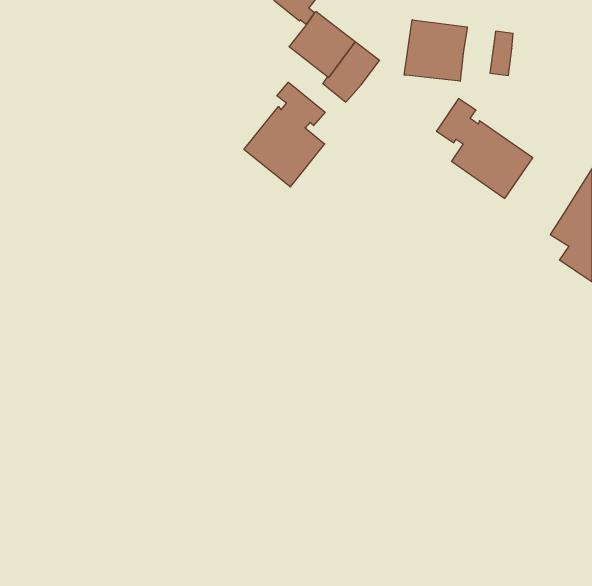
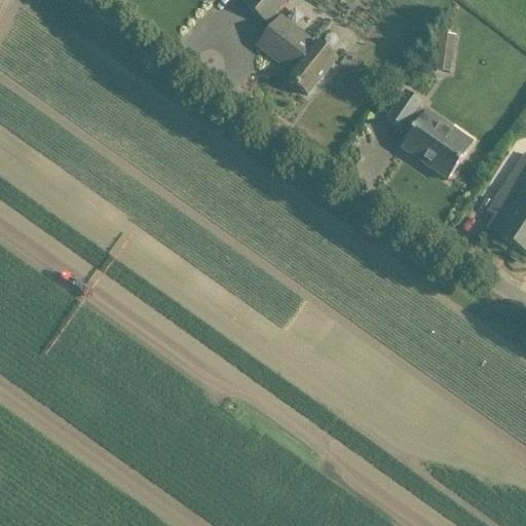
building: [404,20,467,81] -> none
building: [244,82,325,187] -> none

